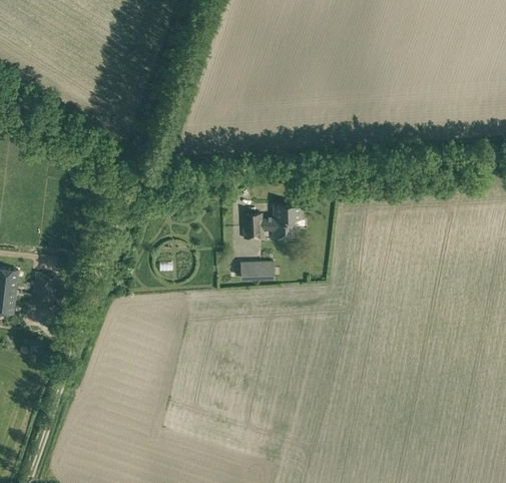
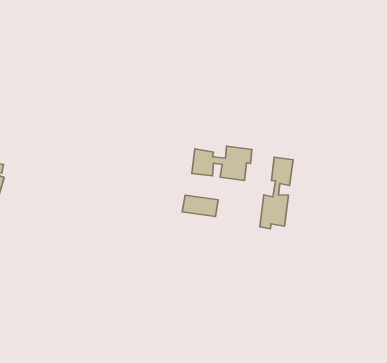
building: none -> [260,157,293,229]

